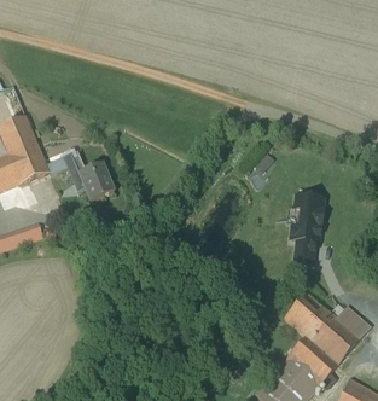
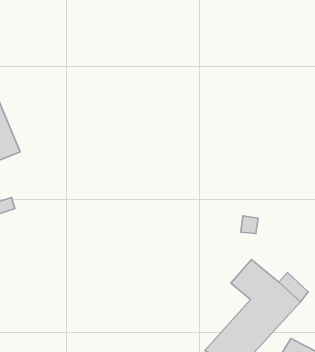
building: [65,153,115,200] -> none
building: [291,194,324,242] -> none

